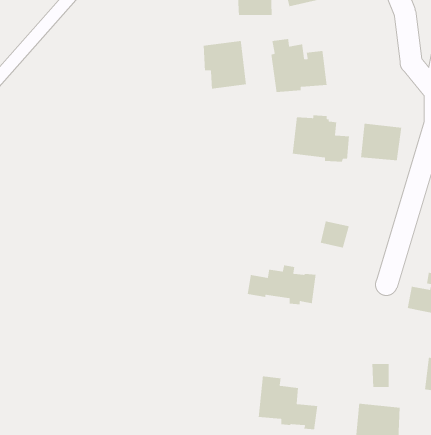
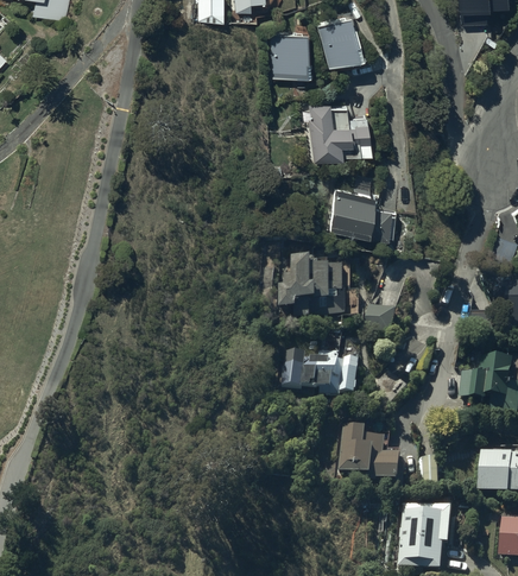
building: [203,40,247,90] -> none
building: [360,123,402,161] -> none
building: none -> [279,255,345,314]
building: [258,376,318,430] -> [340,424,406,485]

